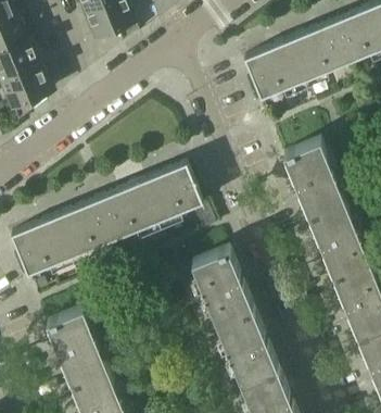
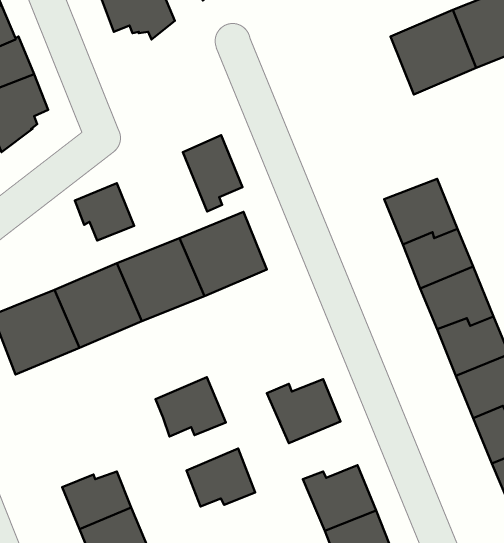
building: [241,42,302,100] -> none
building: none -> [183,135,243,212]
building: none -> [75,183,134,240]
building: [190,249,239,290] -> [155,377,226,437]
building: [45,309,96,355] -> none
building: [215,310,263,350] -> [187,449,255,506]

